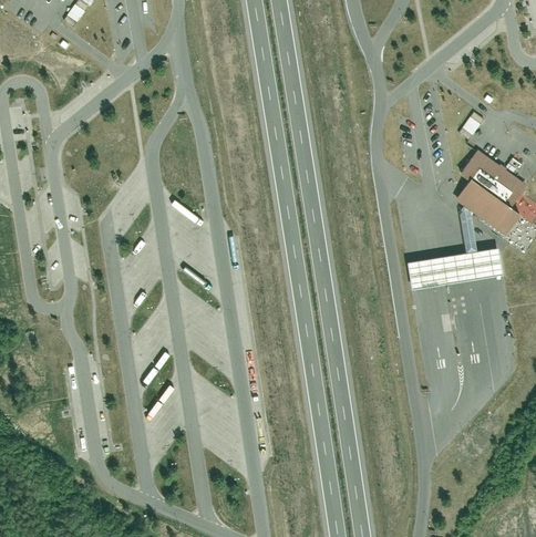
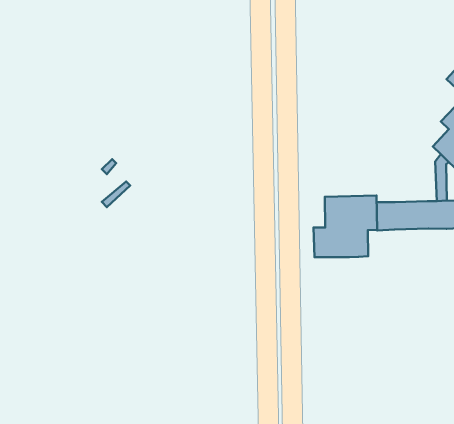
building: none -> [314,195,377,257]

